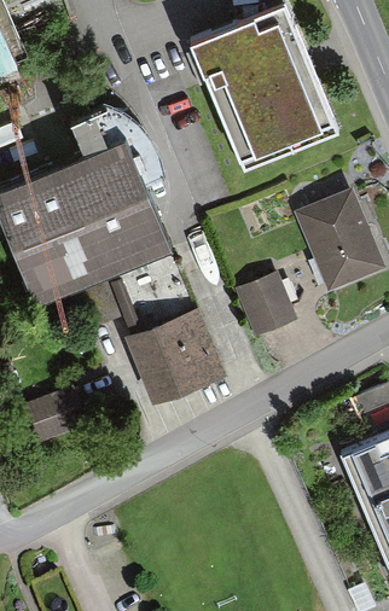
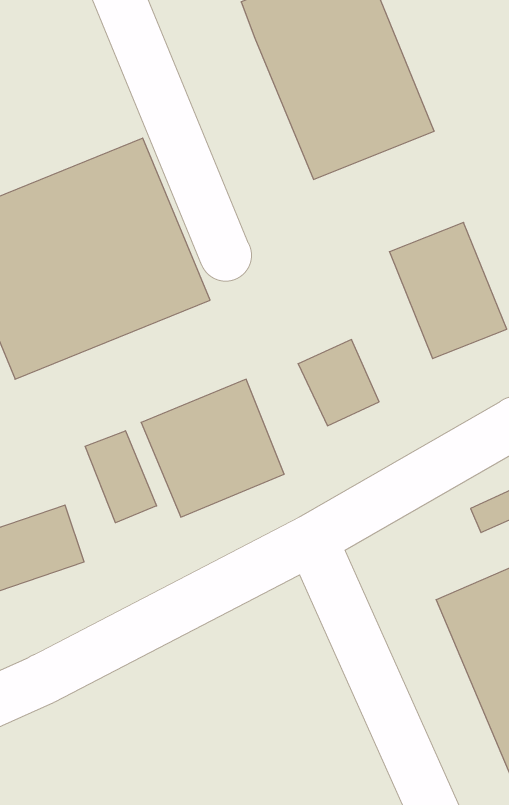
building: none -> [85,431,157,523]

